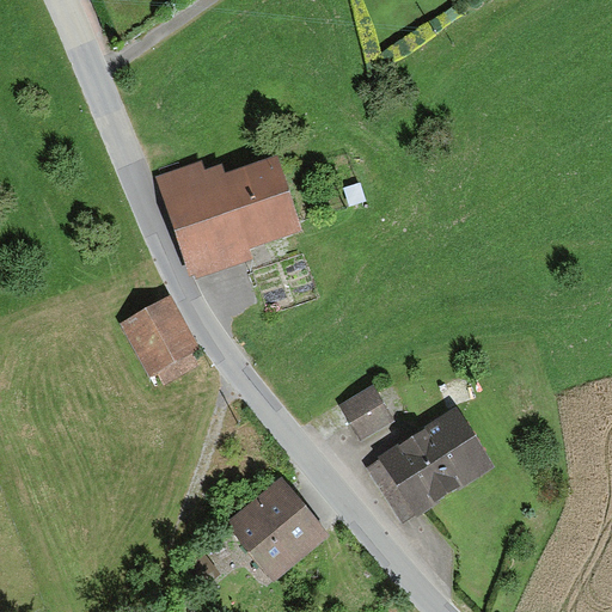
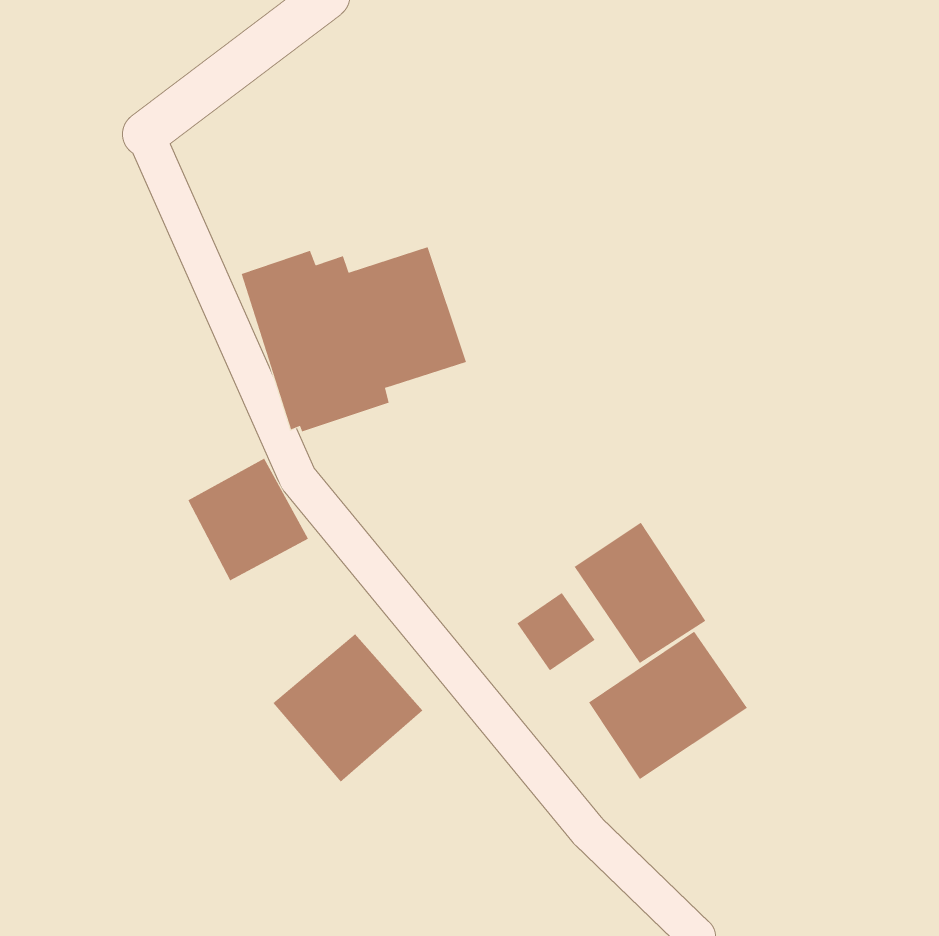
building: none -> [574,522,706,664]
building: [225,476,323,573] -> [273,633,423,782]

